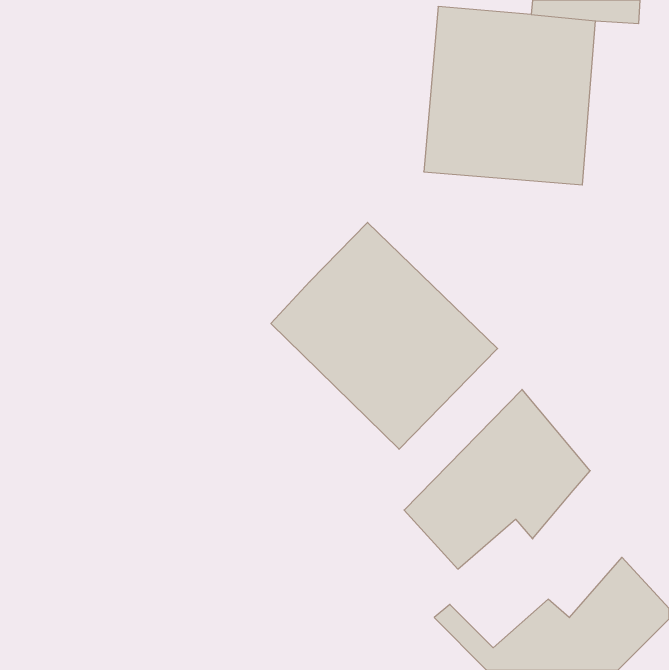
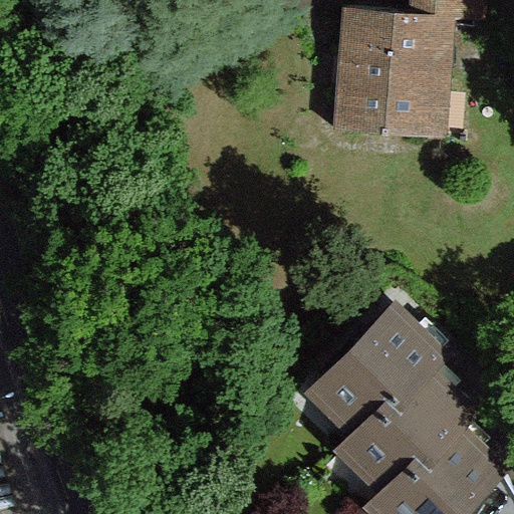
building: [271,222,498,449] -> none
building: none -> [334,375,482,496]

